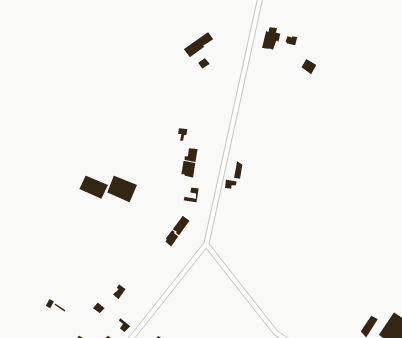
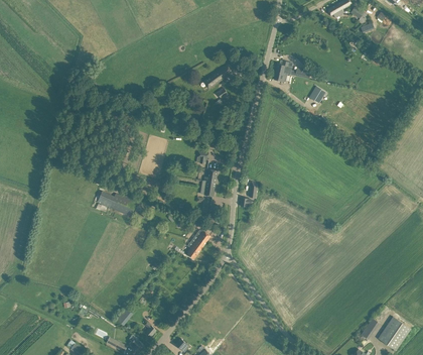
building: [106,175,138,203] -> none

